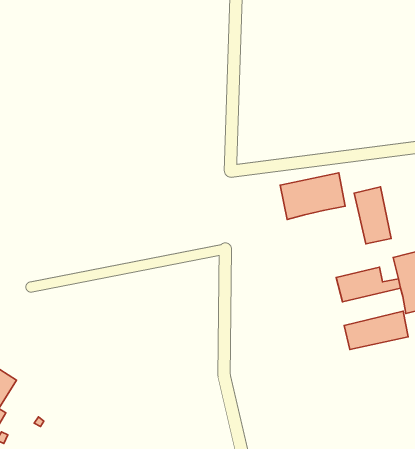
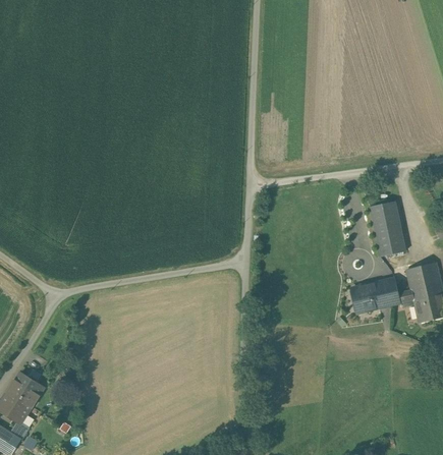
building: [280,173,345,219] -> none
building: [344,311,408,350] -> none

